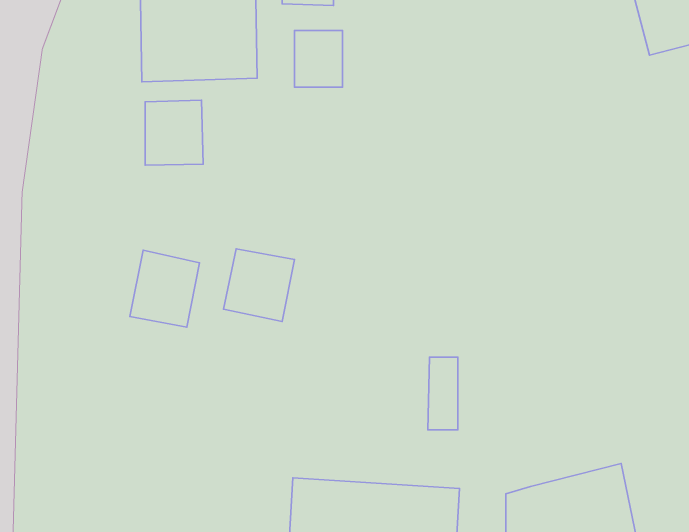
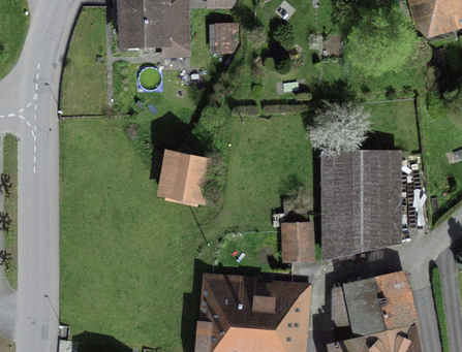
building: [145,100,203,165] -> none
building: [130,250,199,327] -> none
building: none -> [328,158,404,258]

